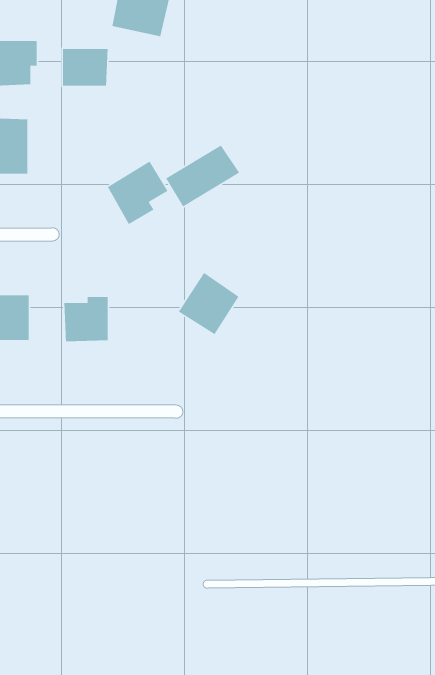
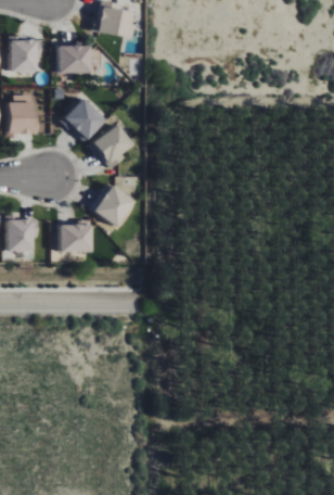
building: none -> [62,99,106,143]
building: [165,145,240,207] -> none
building: [178,272,239,335] -> [91,182,134,227]

